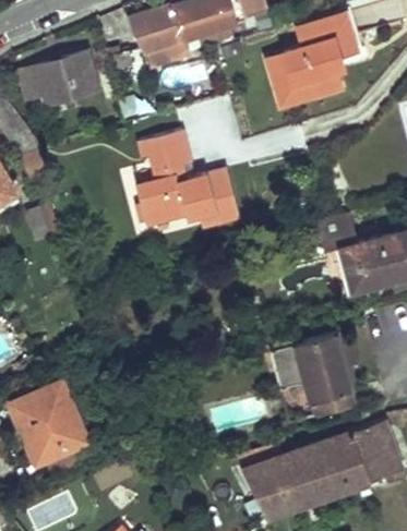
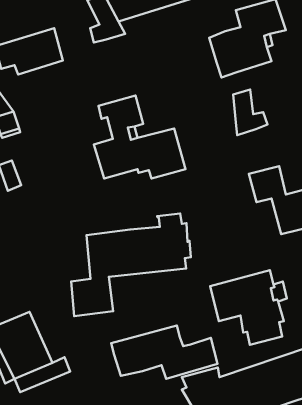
building: none -> [233,90,268,135]
building: none -> [71,213,191,316]
building: none -> [111,325,217,379]

